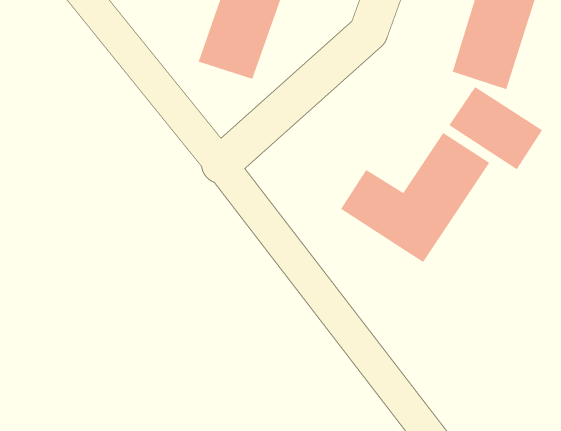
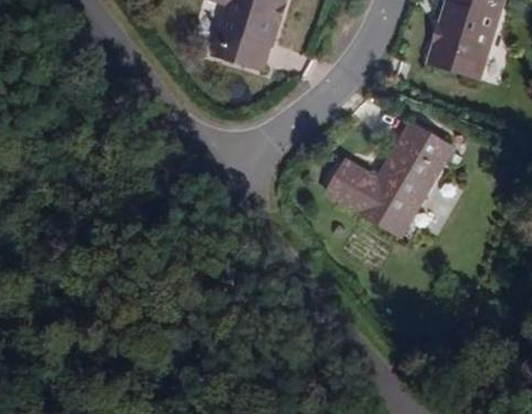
building: [448,86,543,170] -> none

